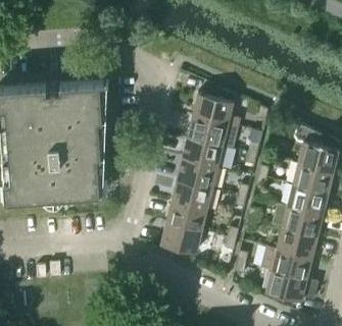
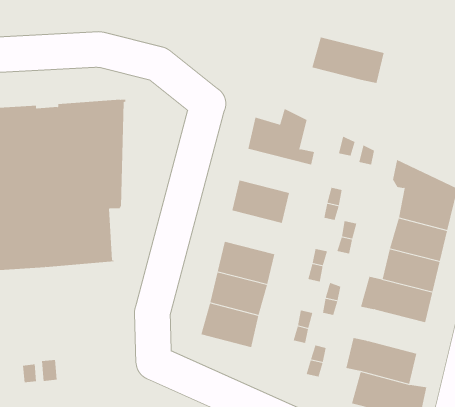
building: [187,118,238,151] -> [311,37,385,84]
building: [177,161,217,192] -> none
building: [277,230,317,261] -> none

